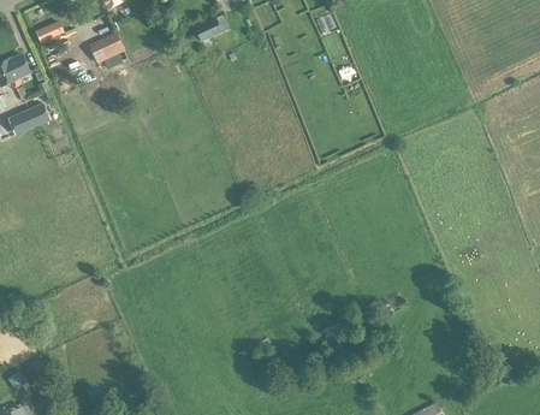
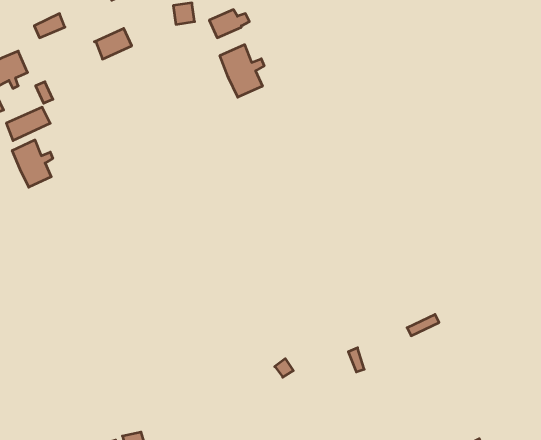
building: none -> [220,45,264,97]
building: none -> [12,140,53,187]

